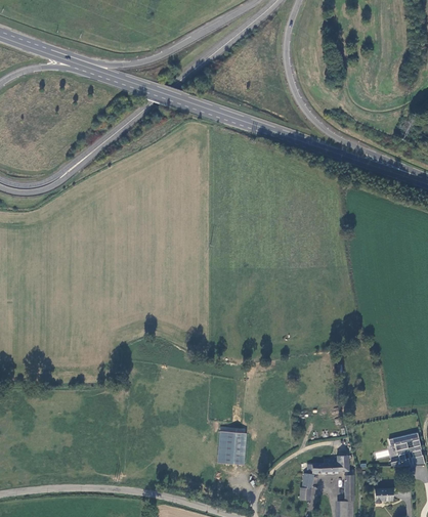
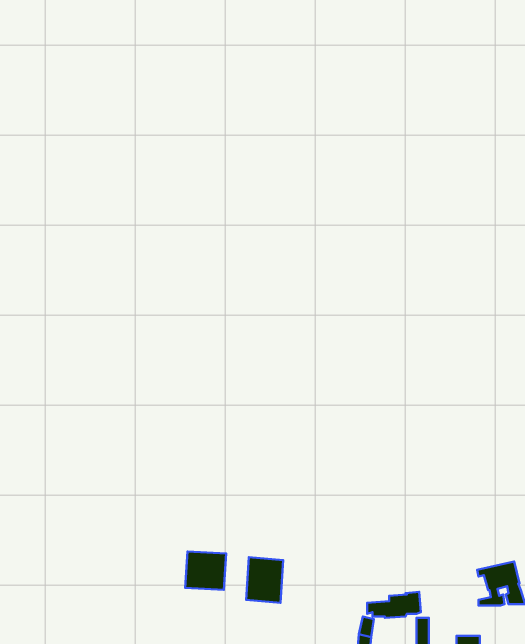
building: none -> [185,551,226,590]

